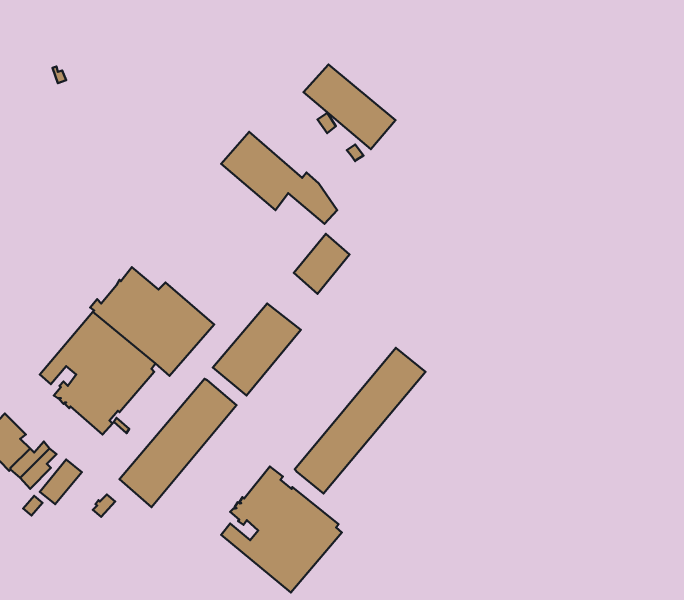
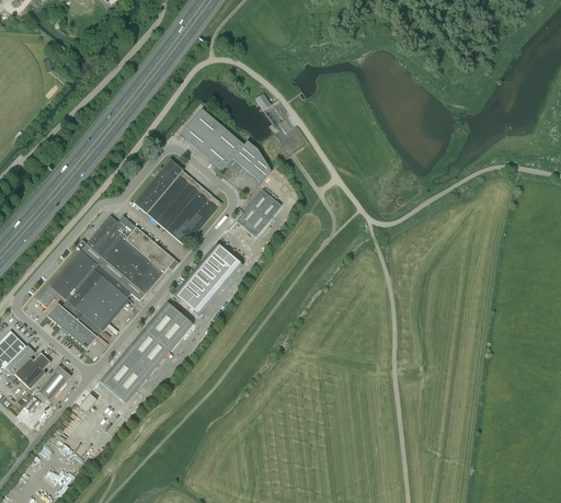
building: [304,65,395,149] -> none
building: none -> [135,159,222,245]
building: [295,348,426,493] -> none
building: [221,466,342,593] -> none

